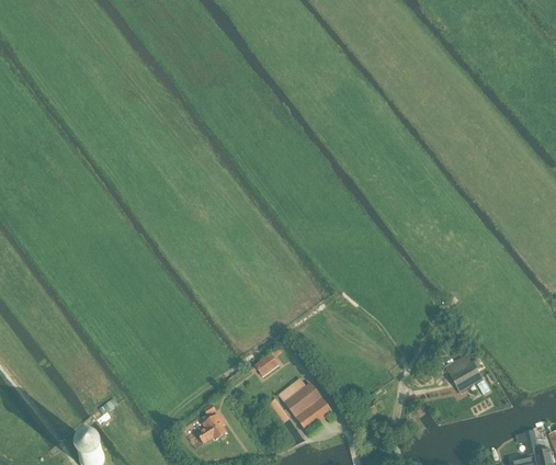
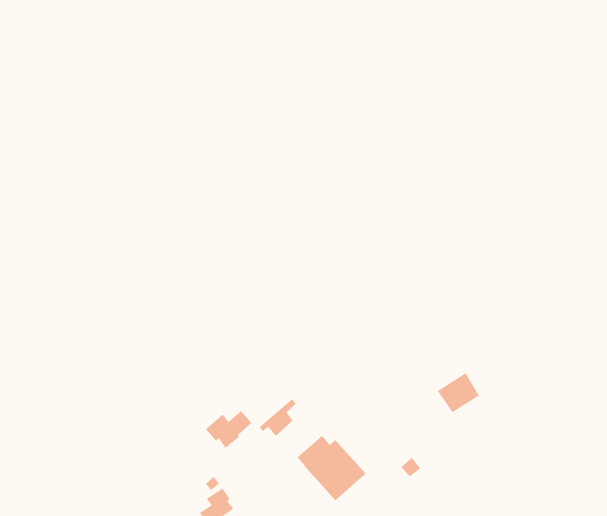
building: none -> [205,410,252,449]
building: [447,359,481,390] -> [437,372,480,413]

